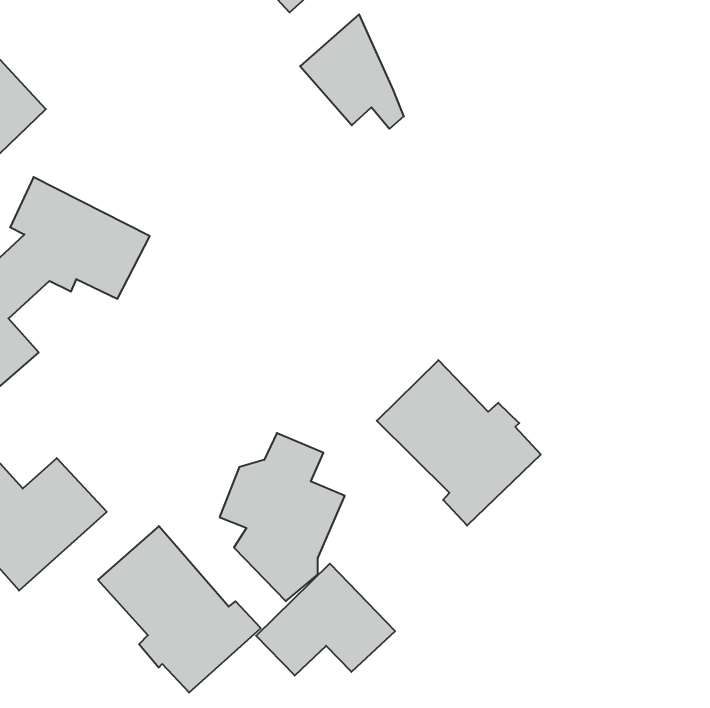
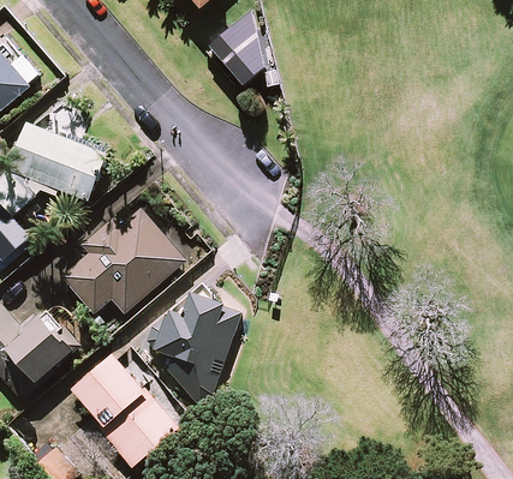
building: none -> [60,203,189,313]
building: [377,360,541,526] -> none
building: [256,564,395,676] -> none

